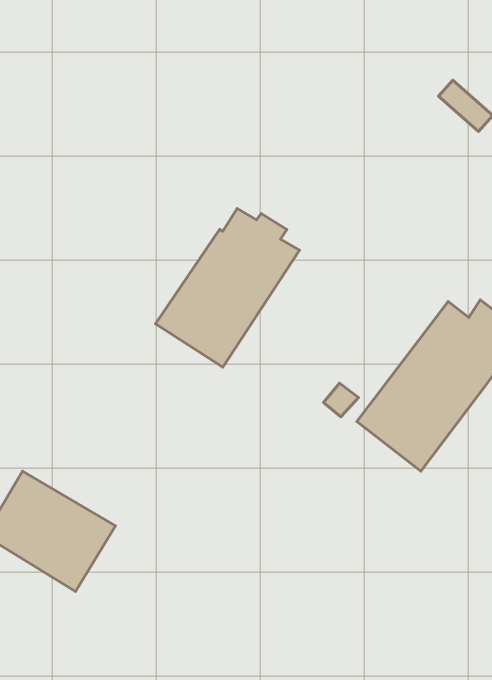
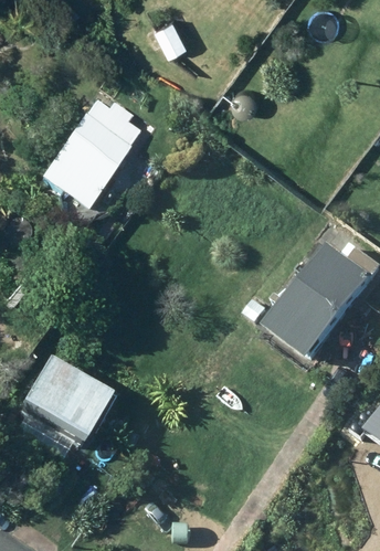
building: [156,209,300,367] -> [39,99,138,209]

